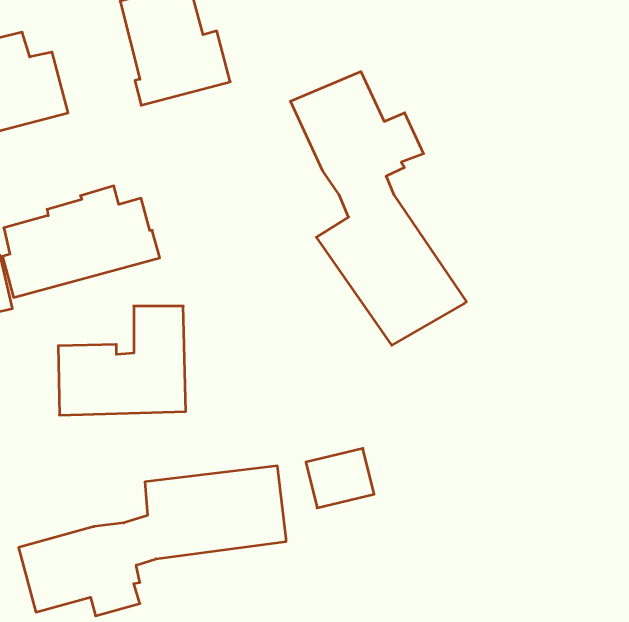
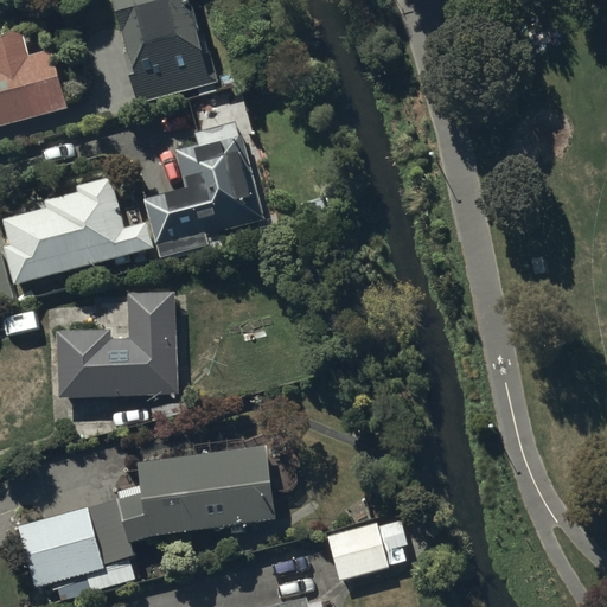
building: [290,72,466,345] -> none
building: none -> [143,117,263,257]
building: [306,448,374,508] -> [327,520,392,577]

